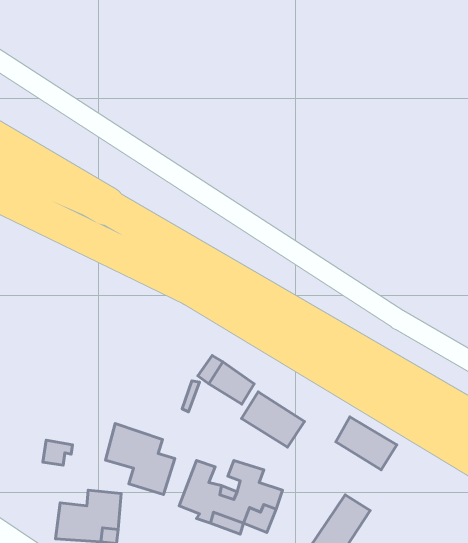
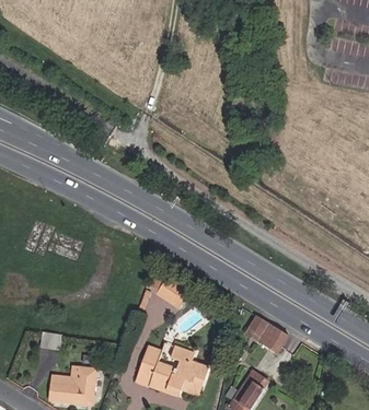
building: [241,392,305,447] -> none
building: [105,424,175,495] -> none

